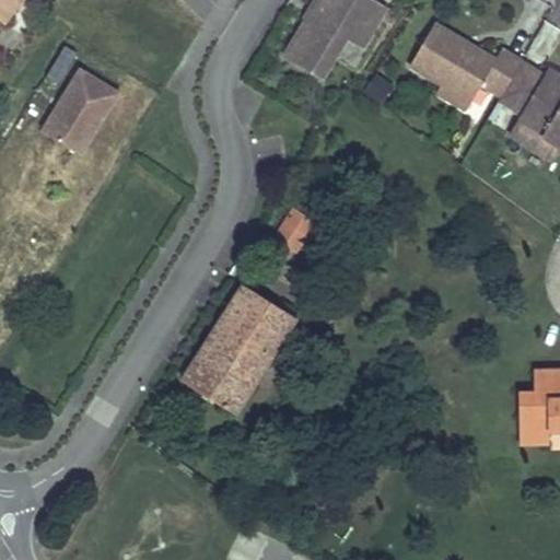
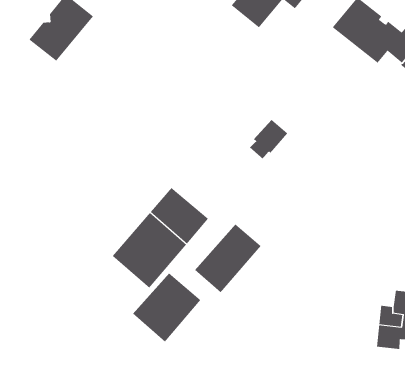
building: [270,210,315,260] -> [249,119,288,159]
building: none -> [194,224,261,293]
building: none -> [132,272,201,342]

